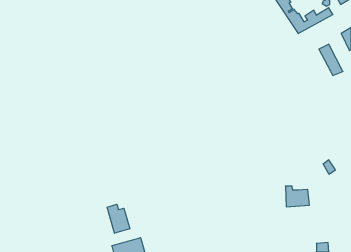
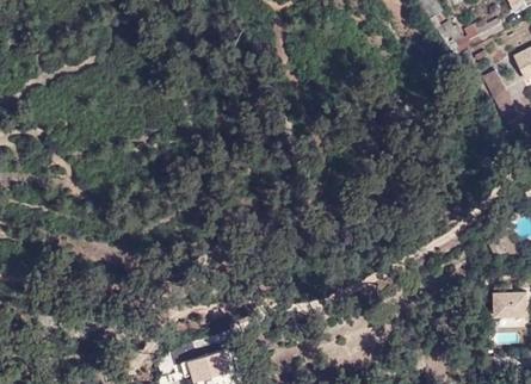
building: [285,186,309,207] -> [488,286,523,316]
building: [107,204,130,233] -> none

